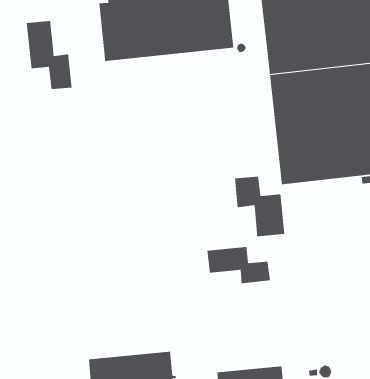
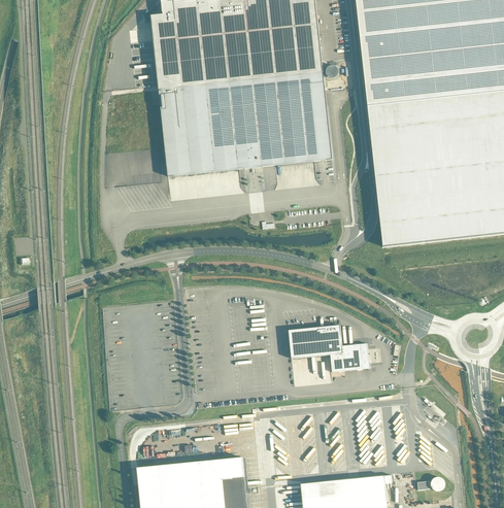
building: [26,20,72,90] -> none
building: none -> [159,72,333,176]
building: [234,176,285,237] -> none

